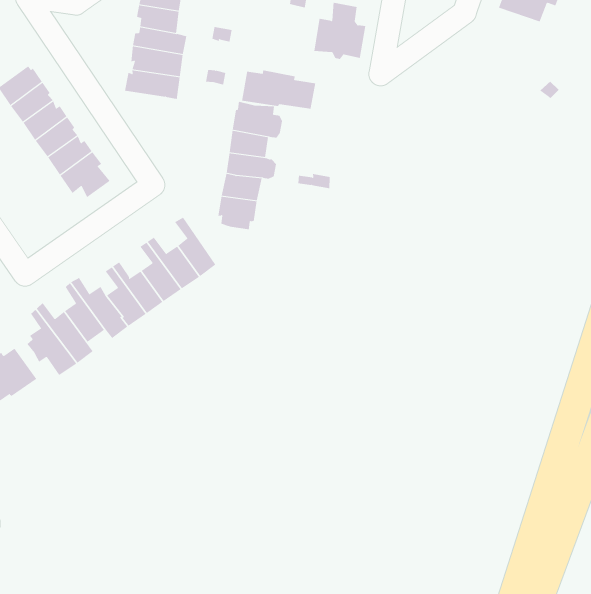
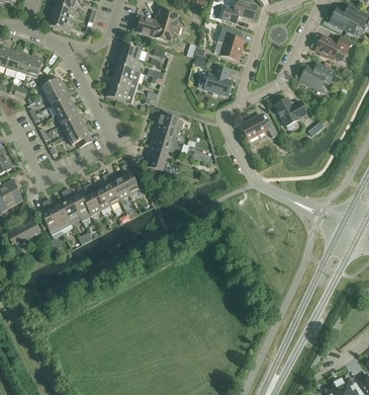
building: none -> [274,96,306,125]
building: [242,70,316,110] -> none
building: none -> [240,112,278,139]

